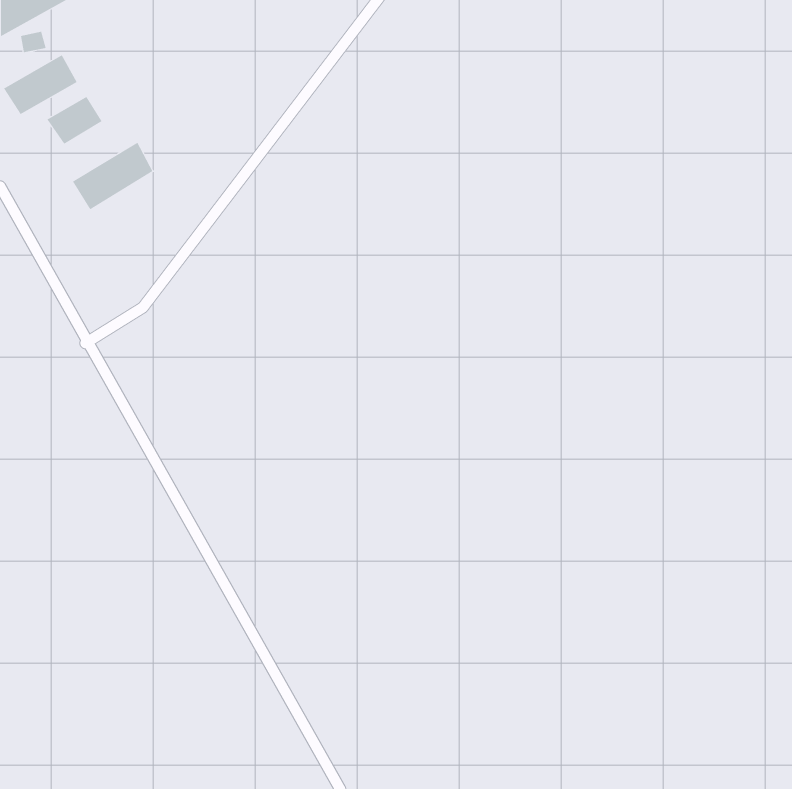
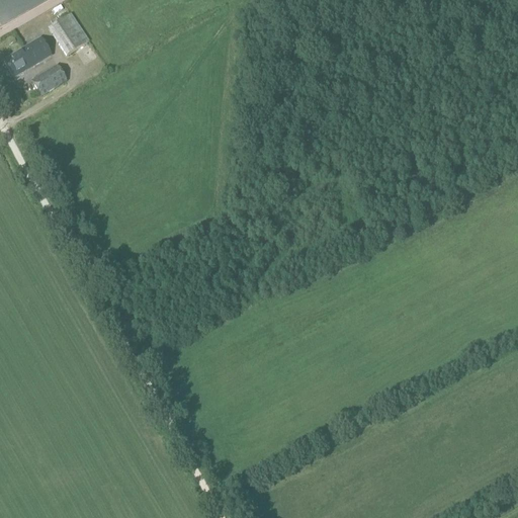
building: none -> [50,10,90,54]
building: [72,142,153,210] -> none

